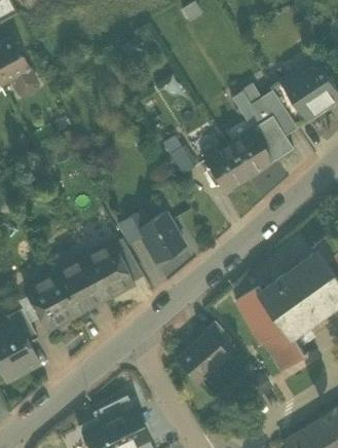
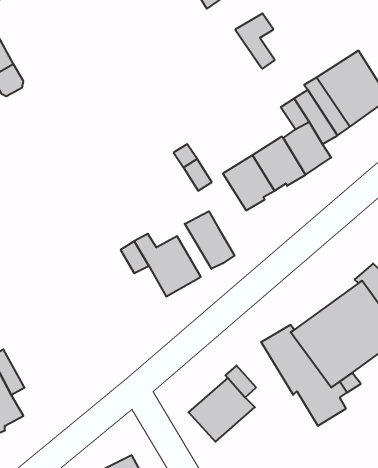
building: [231,84,264,130] -> [235,13,275,69]
building: none -> [185,211,234,269]
building: [26,244,132,329] -> none

